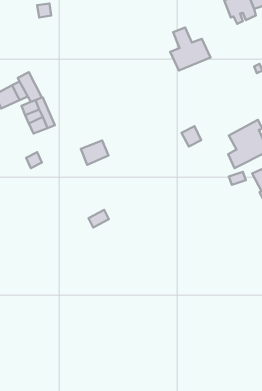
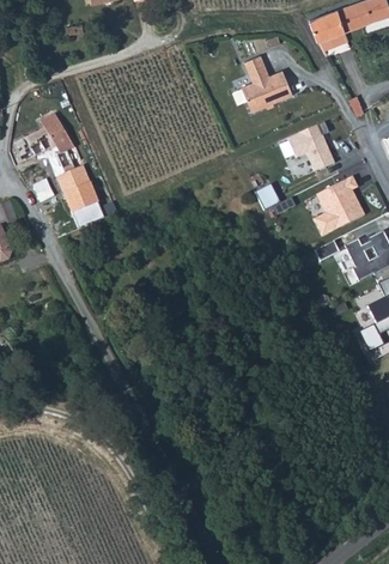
building: none -> [286,125,334,170]
building: [81,141,109,165] -> [63,182,99,213]

